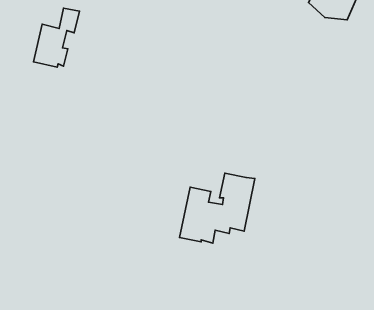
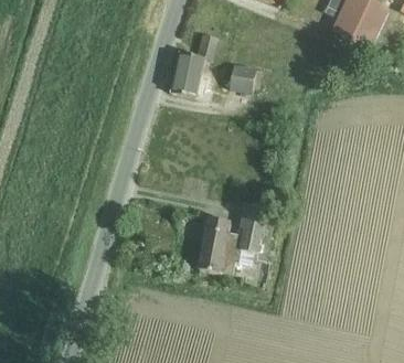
building: [33,8,80,67] -> [170,35,217,96]
building: none -> [228,62,261,92]

